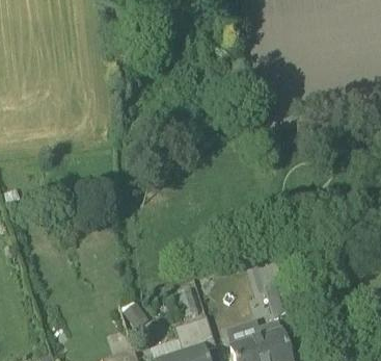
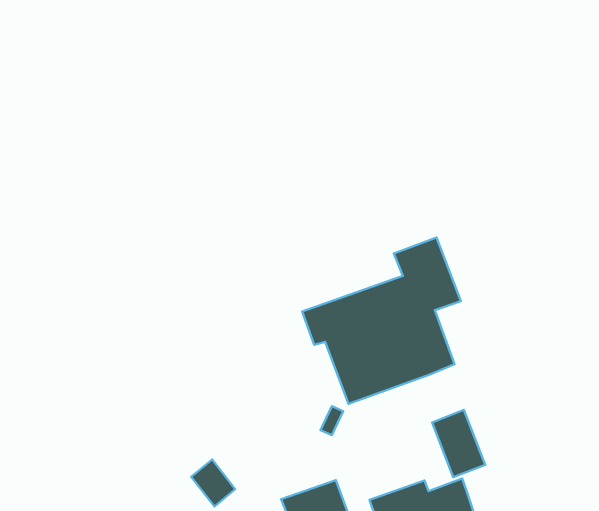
building: none -> [302,237,461,404]

